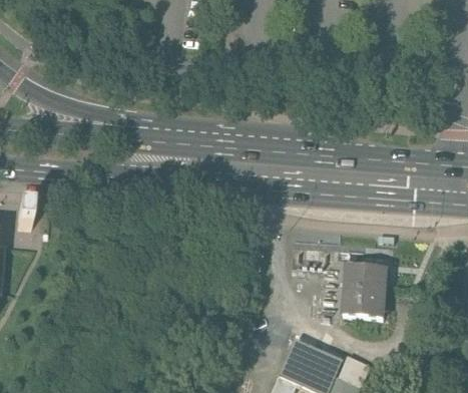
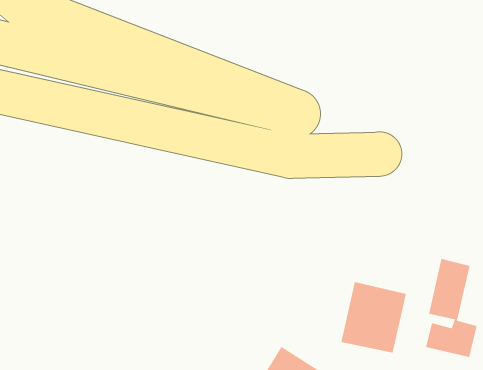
building: none -> [425,258,477,358]

